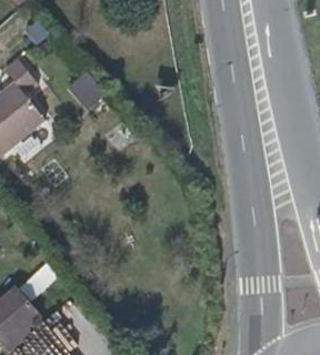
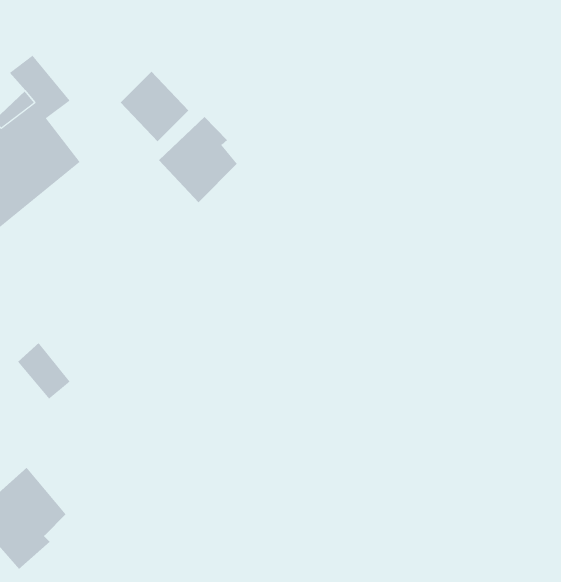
building: none -> [158,116,238,203]

